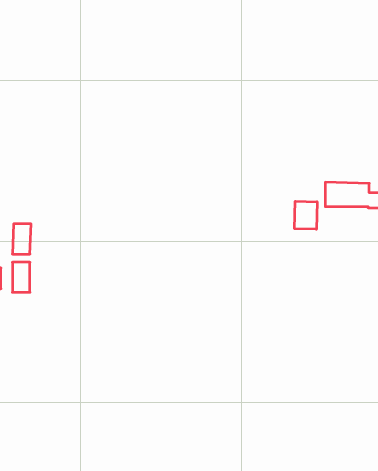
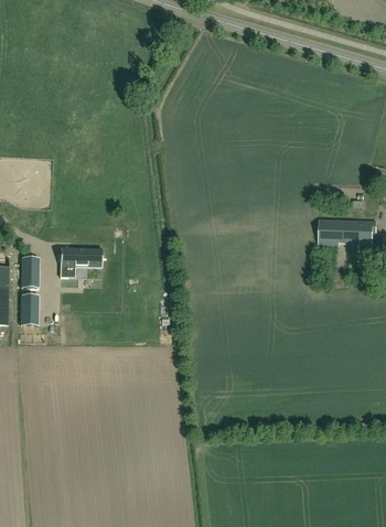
building: [295,201,317,229] -> none
building: none -> [63,247,99,266]

